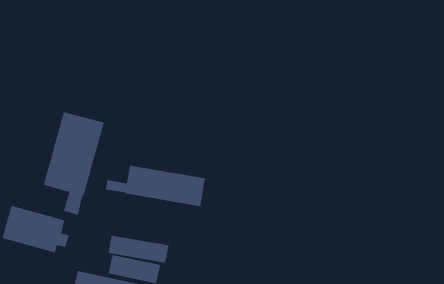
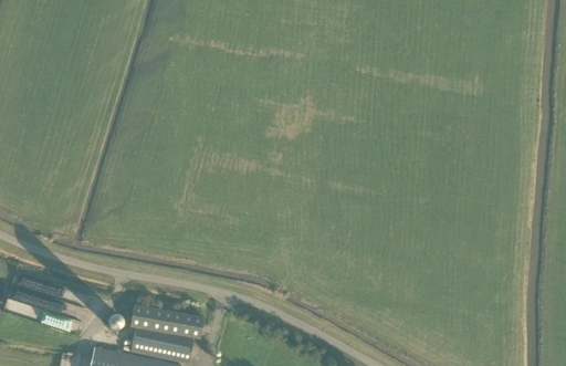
building: [43,111,105,216] -> none
building: [105,165,206,207] -> none

